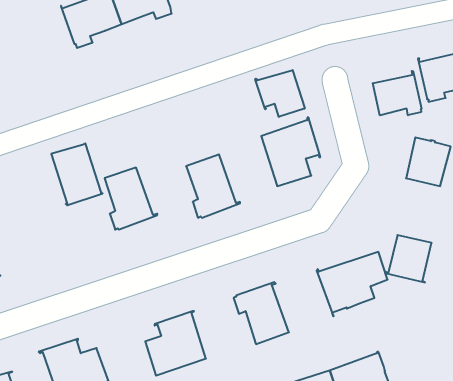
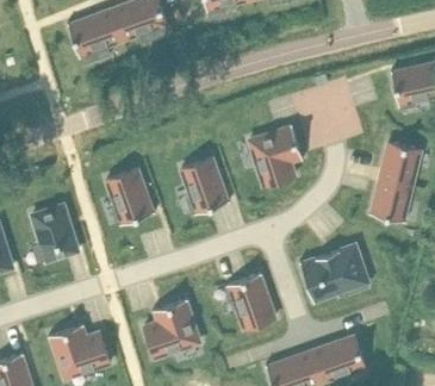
building: [255,70,305,117] -> none
building: [373,71,422,115] -> none
building: [51,143,103,205] -> [32,205,79,261]
building: [386,235,432,282] -> [369,179,411,222]

